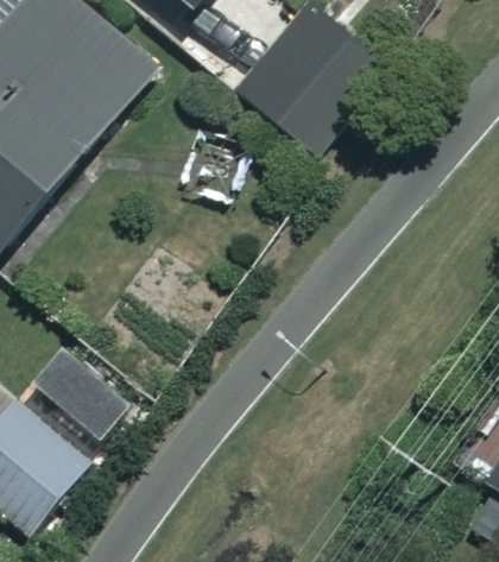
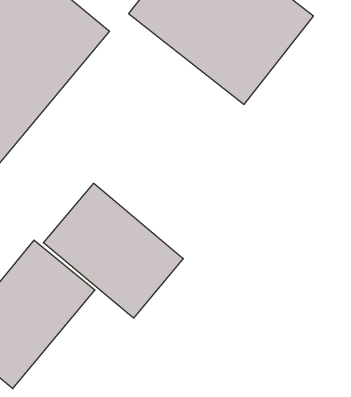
building: none -> [43,183,183,318]

